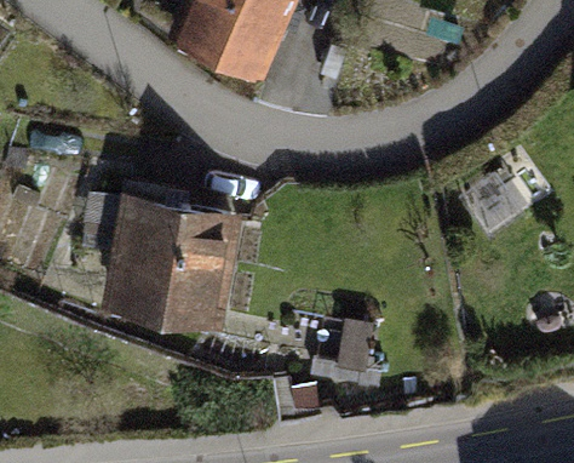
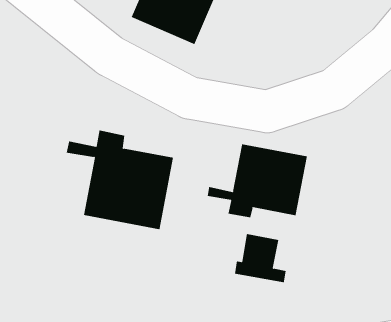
building: none -> [207,143,307,218]

